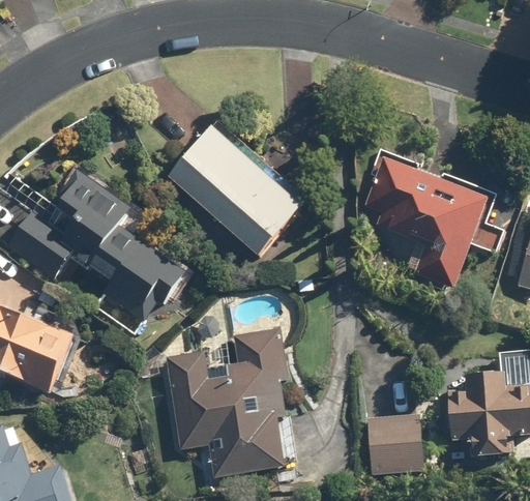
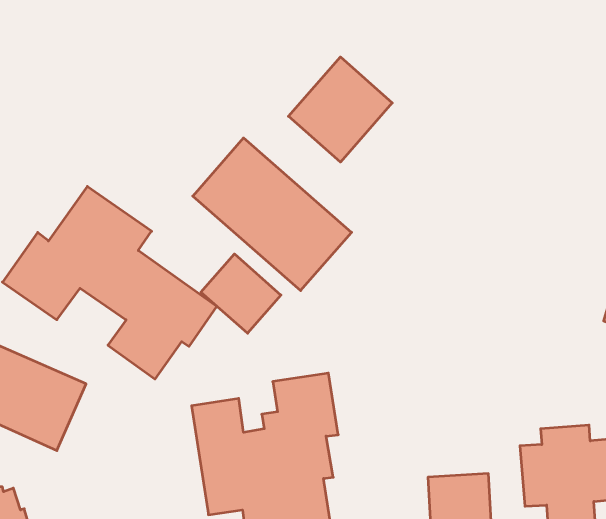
building: none -> [288,57,392,162]
building: [365,148,506,290] -> none
building: none -> [201,254,281,333]

